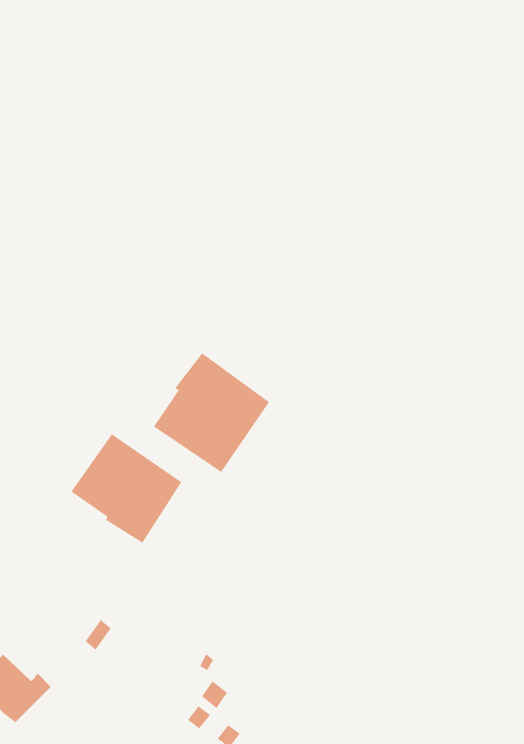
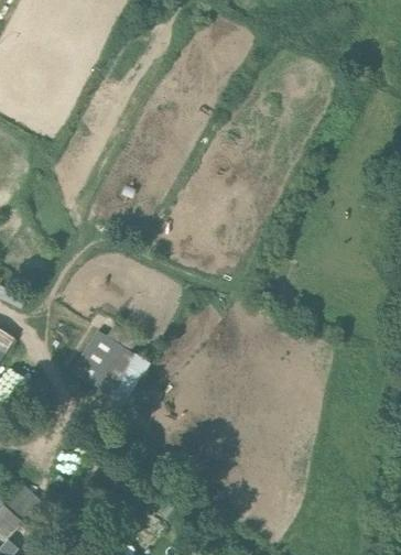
building: [153,352,270,473] -> none

